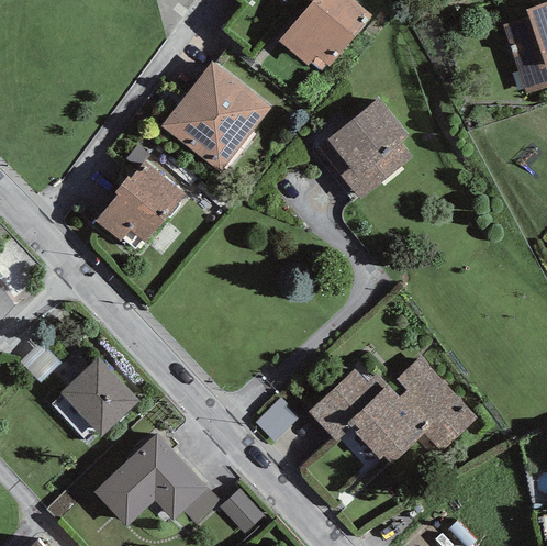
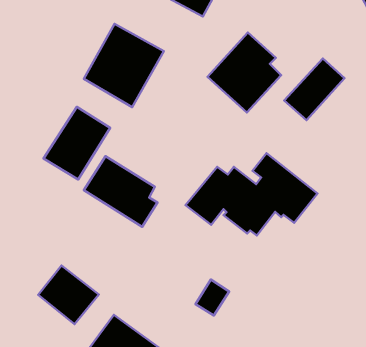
building: none -> [284,58,345,120]
building: none -> [84,156,158,227]
building: [306,359,476,461] -> [186,153,317,235]

